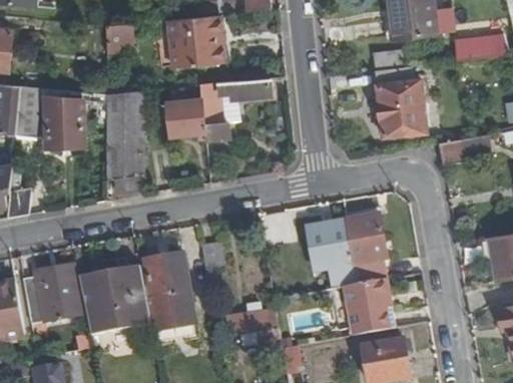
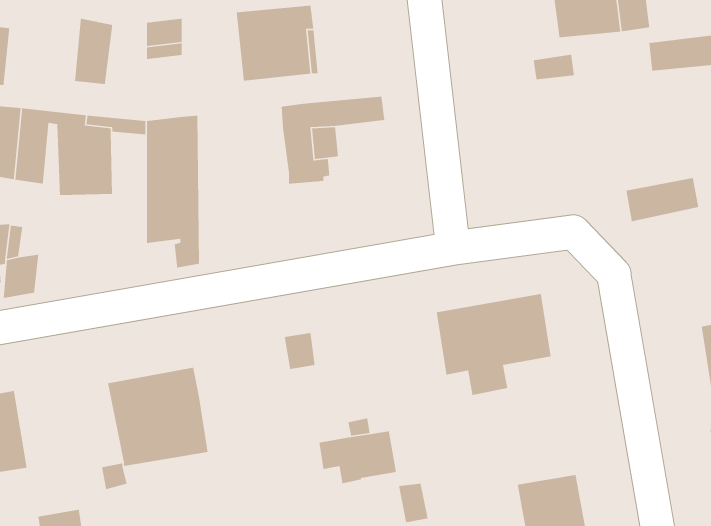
building: none -> [74,18,113,85]
building: [375,66,426,136] -> none
building: [167,99,204,134] -> none
building: [143,253,194,329] -> none
building: [22,264,82,323] -> none
building: [344,278,390,335] -> none

